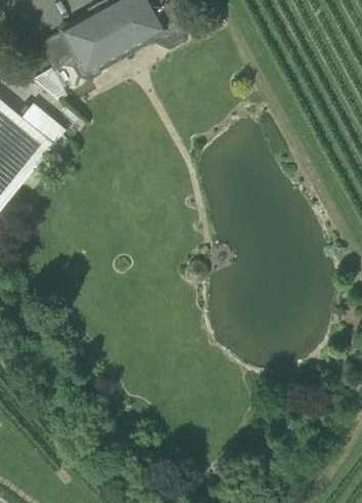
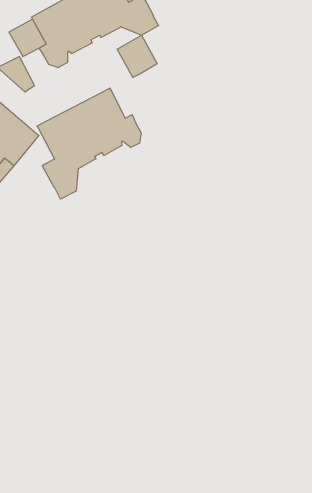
building: none -> [117,35,157,78]
building: none -> [37,88,141,199]

